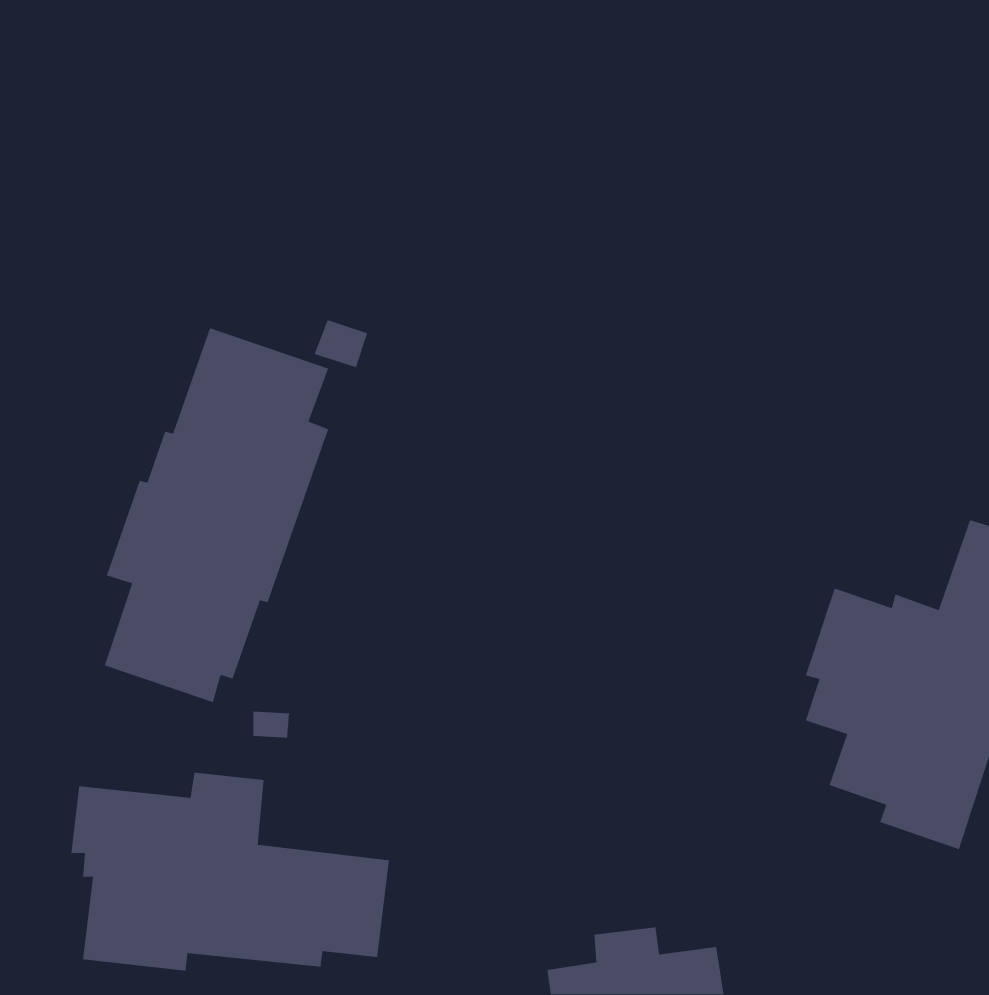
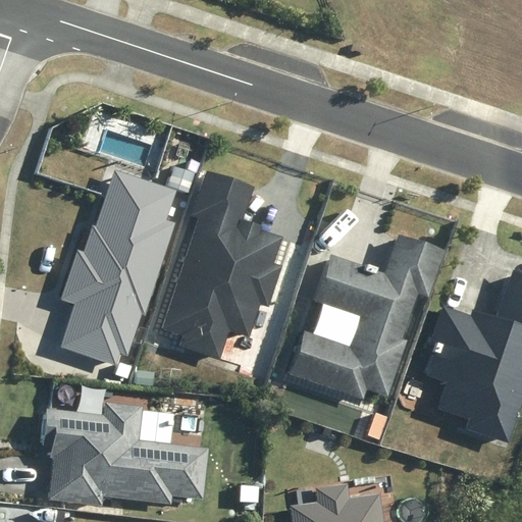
building: none -> [161,172,281,359]
building: none -> [289,236,442,399]

